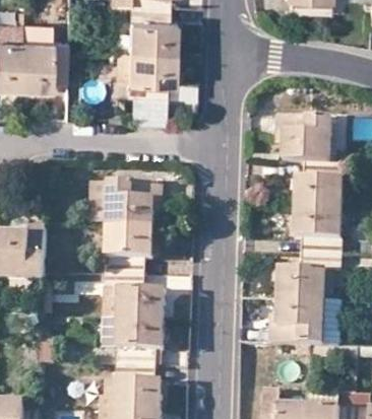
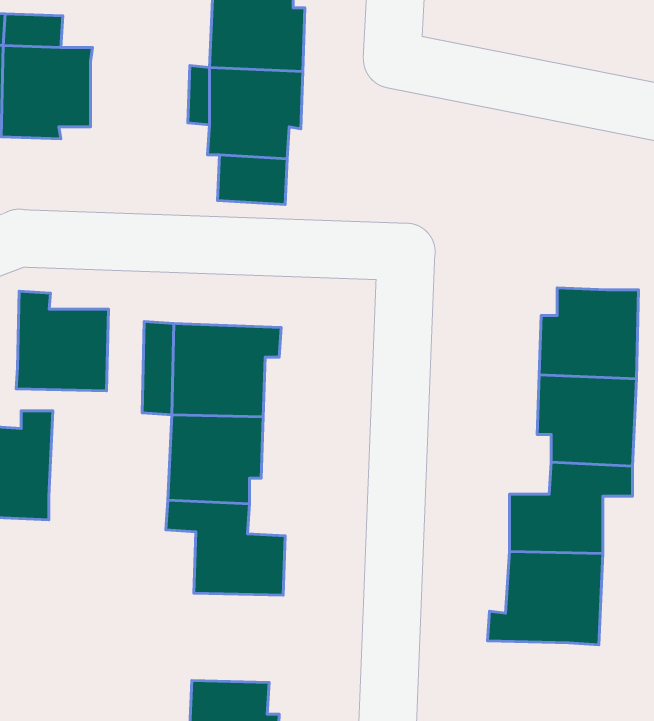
building: [277,117,332,165] -> none
building: none -> [16,291,108,391]
building: [99,320,165,366] -> none

